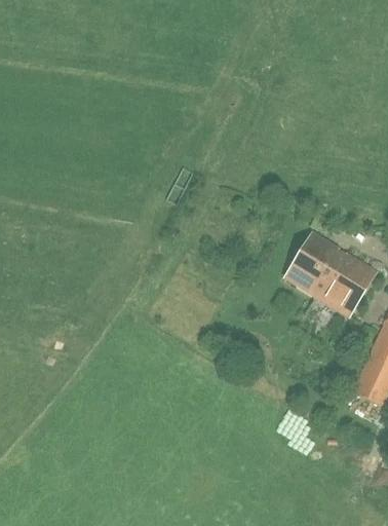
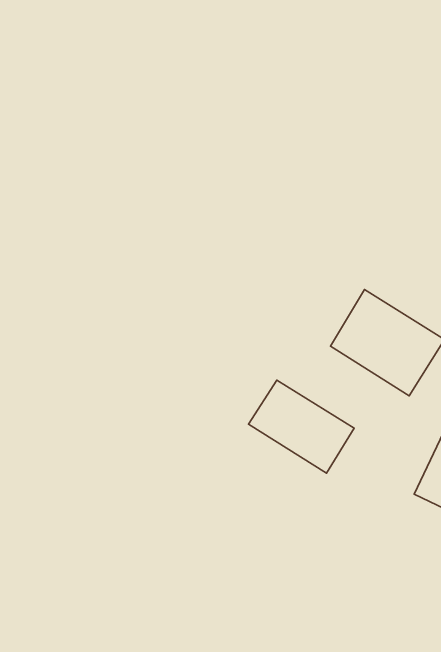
building: none -> [248,380,354,473]

